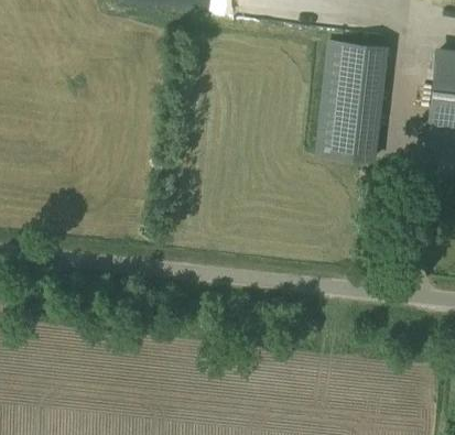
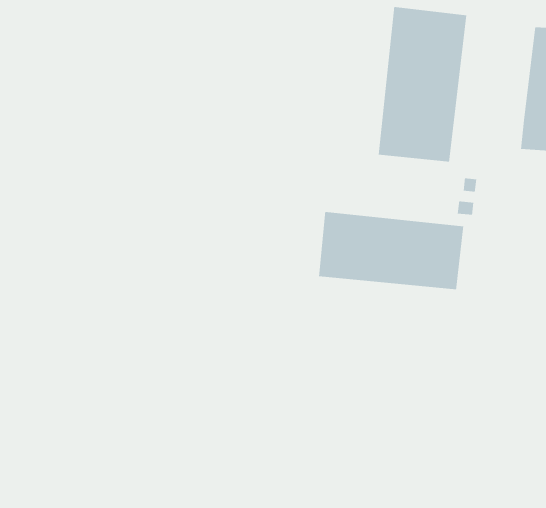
building: none -> [318,211,464,290]

